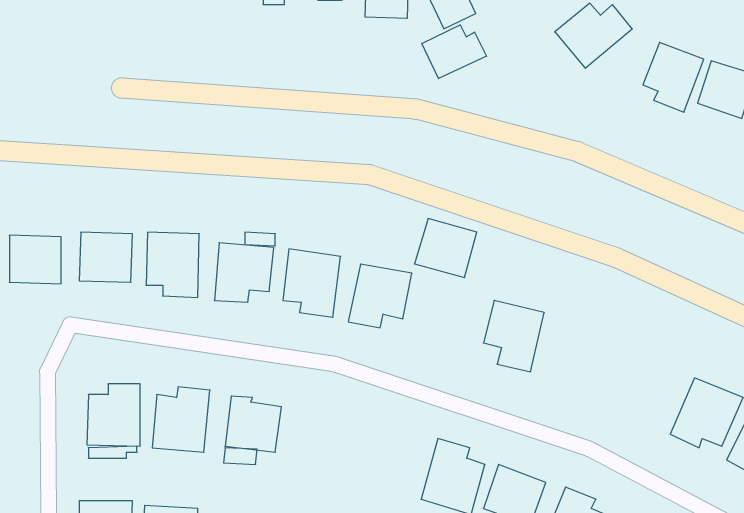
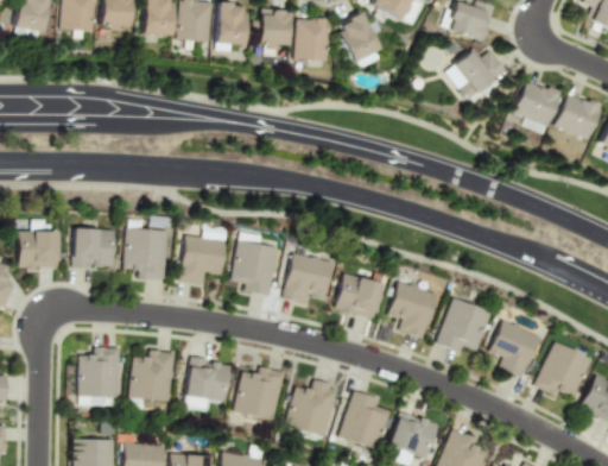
building: [422,25,487,79] -> none
building: [414,218,477,278] -> [335,273,384,320]
building: none -> [438,298,492,352]
building: none -> [490,319,542,378]
building: none -> [236,366,285,420]
building: none -> [287,380,340,436]

